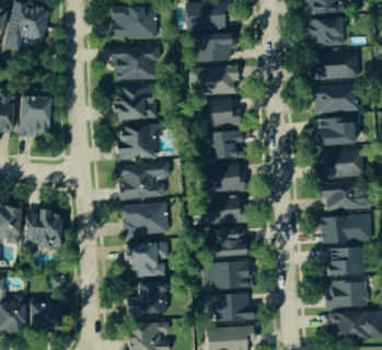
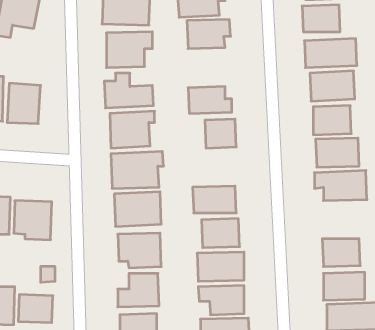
building: [192,66,238,94] -> none
building: [197,165,244,192] -> none
building: [321,215,372,242] -> none

